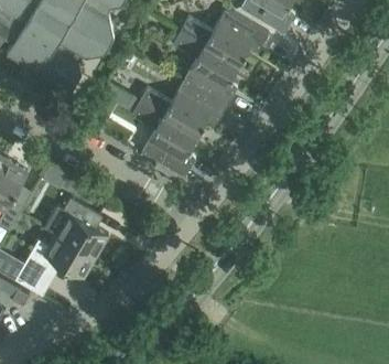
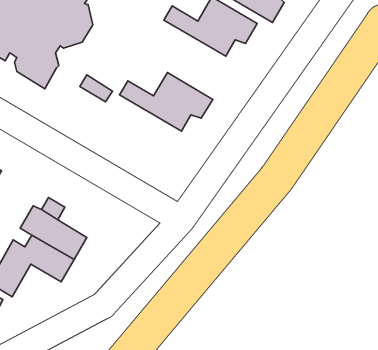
building: [173,30,239,105] -> none
building: [131,100,197,175] -> none

